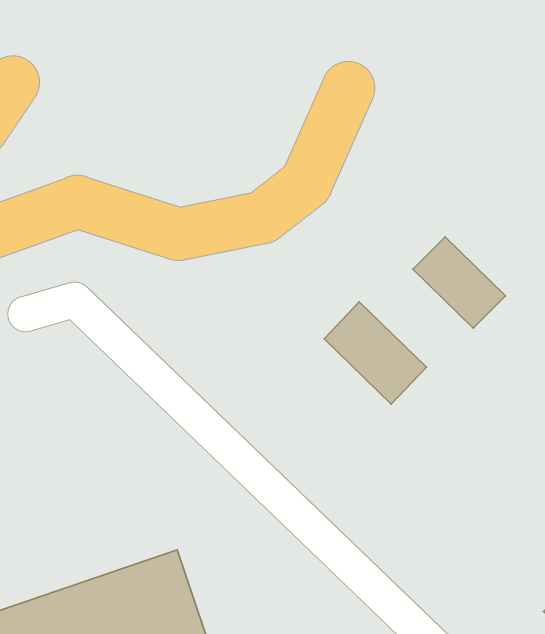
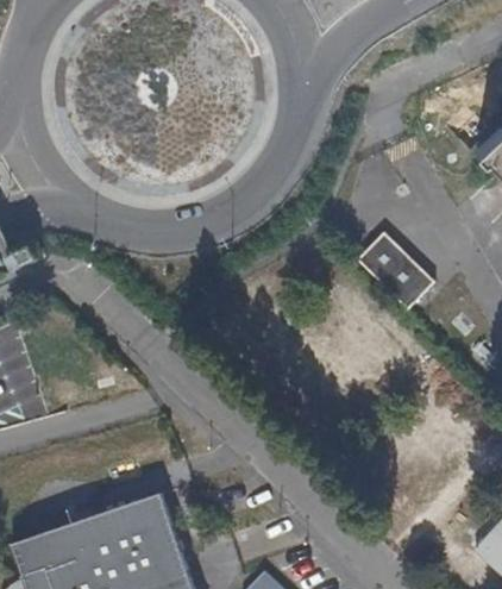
building: [324,302,426,404] -> none

